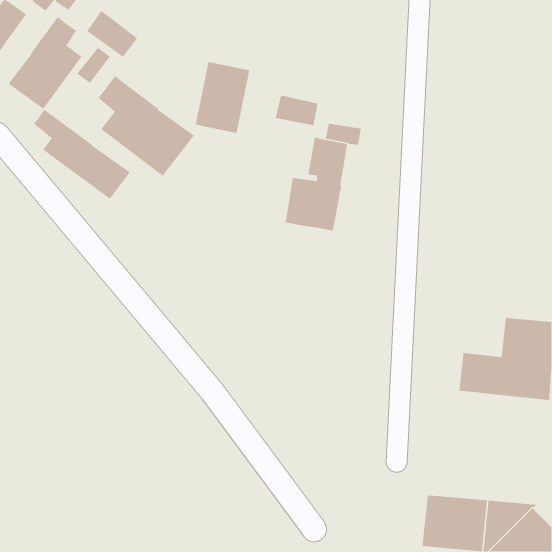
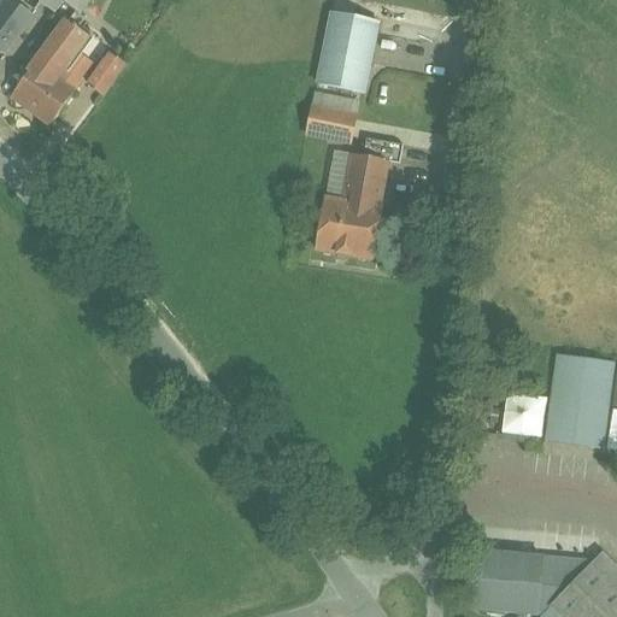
building: [86,10,138,58] -> none
building: [195,61,250,134] -> [316,11,377,92]
building: [97,75,195,177] -> none
building: [33,109,131,200] -> none

